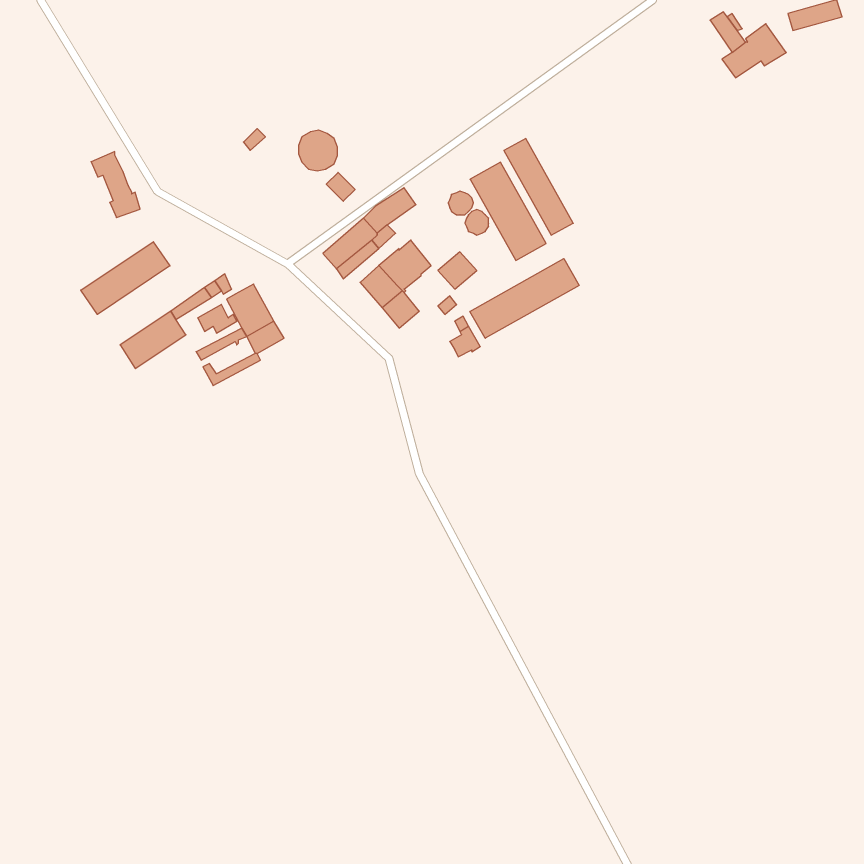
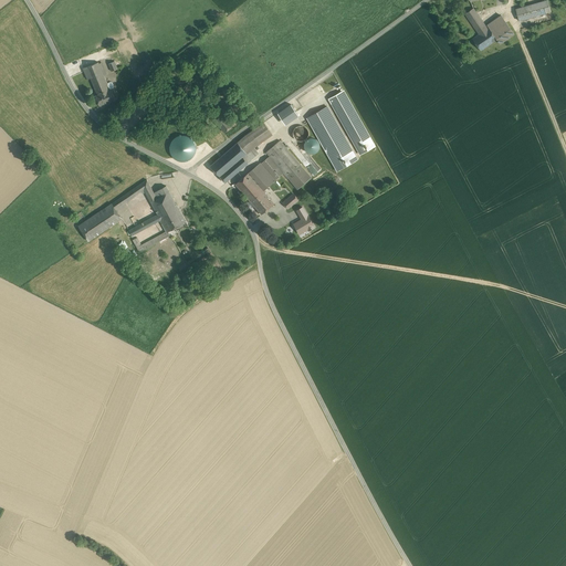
building: [299,130,337,171] -> [170,135,196,161]
building: [91,152,140,218] -> [83,62,115,105]
building: none -> [265,140,301,177]
building: [81,242,170,314] -> none
building: [470,259,579,338] -> none

